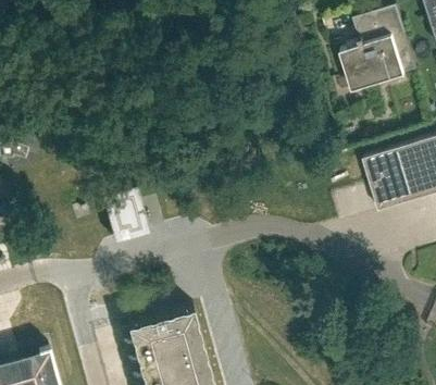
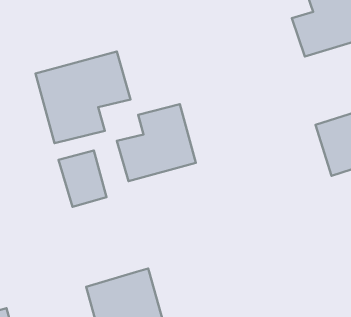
building: none -> [36,51,131,143]
building: none -> [117,104,196,181]

